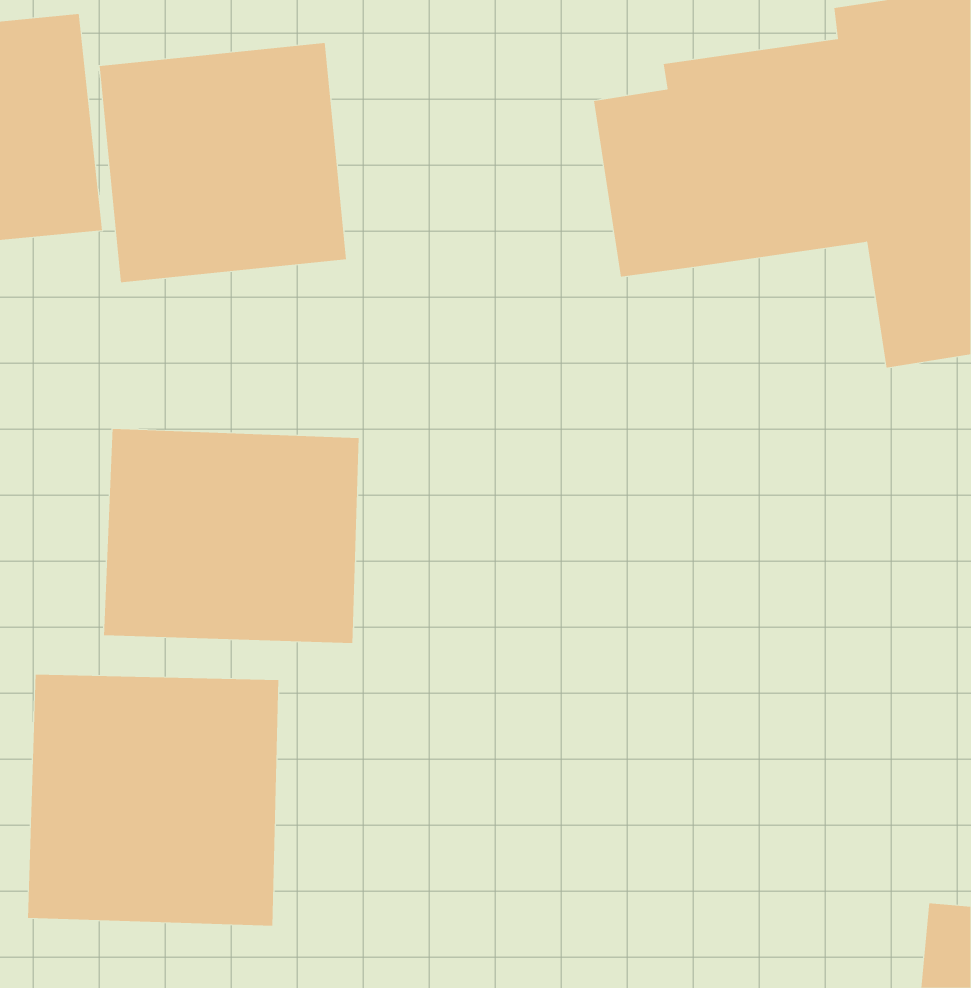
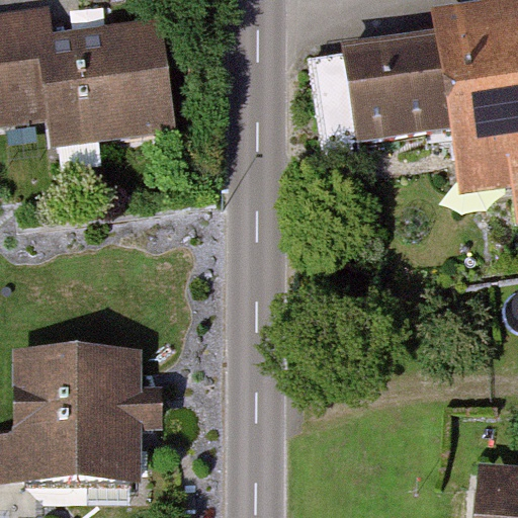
building: [104,428,359,644] -> none

